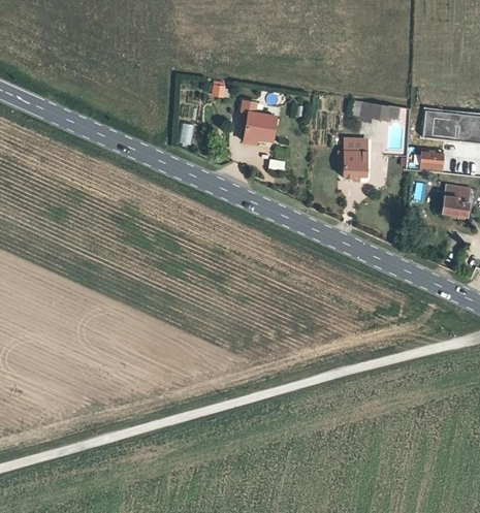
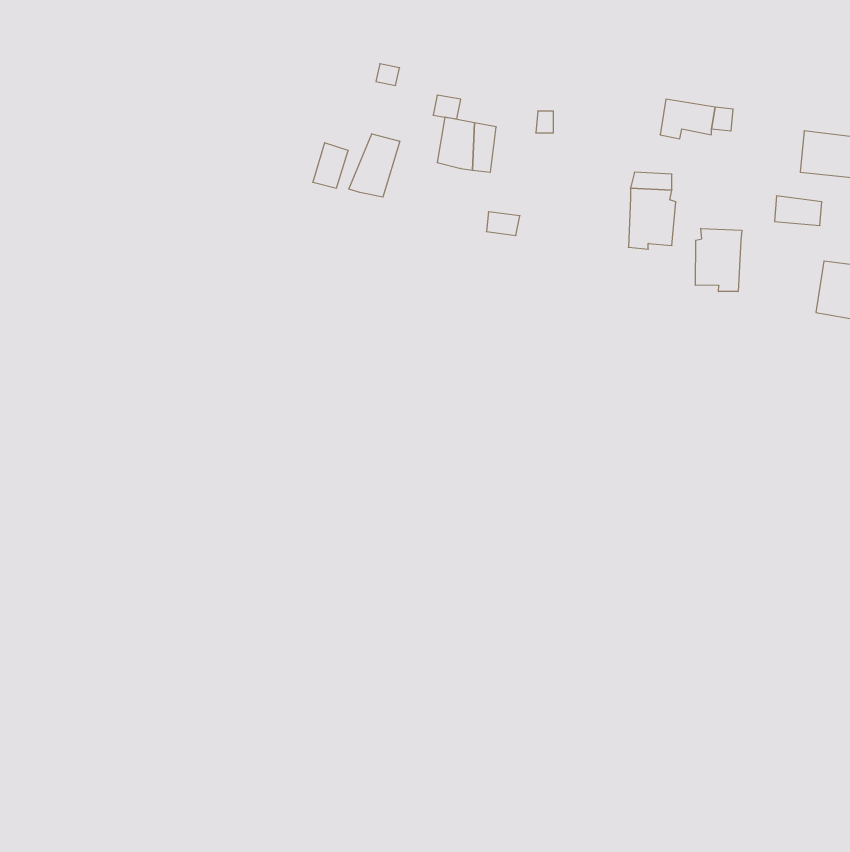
building: none -> [349,134,400,197]
building: none -> [695,228,742,292]

